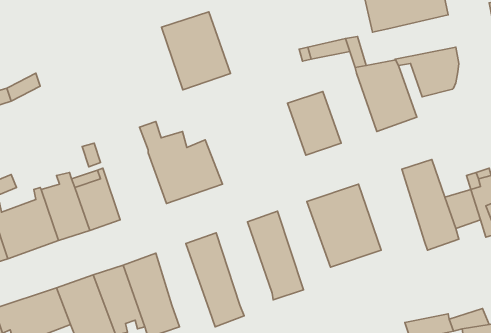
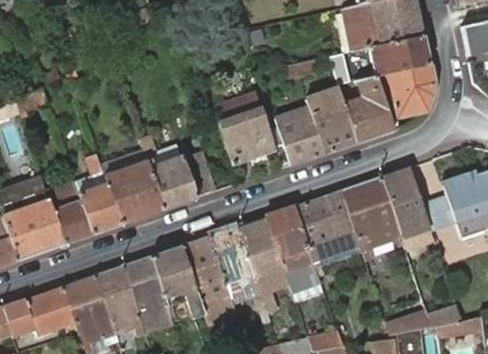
building: [161,12,230,90] -> [213,94,277,166]
building: none -> [368,34,431,76]
building: none -> [306,88,358,153]
building: none -> [104,162,163,224]
building: none -> [341,177,402,258]
building: none -> [266,207,325,306]
building: none -> [209,226,261,303]
building: none -> [153,246,203,312]

